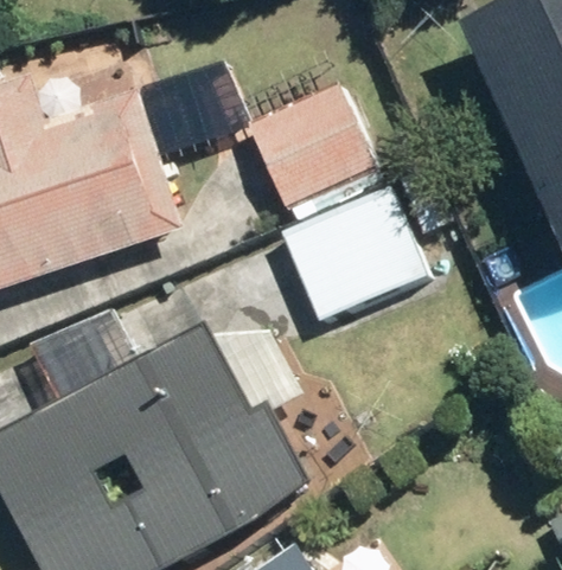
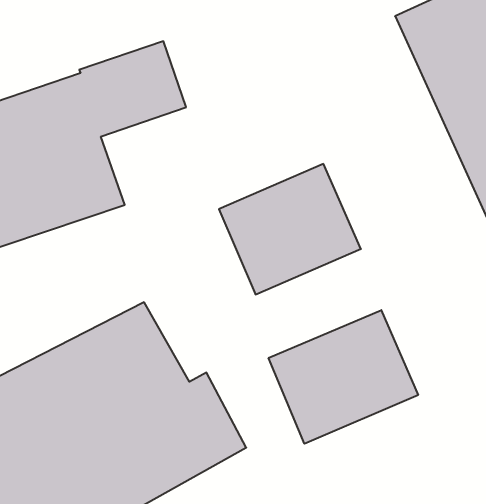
building: [249,83,376,206] -> none
building: none -> [269,310,418,444]

